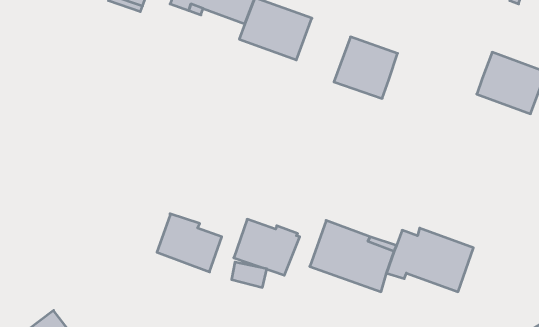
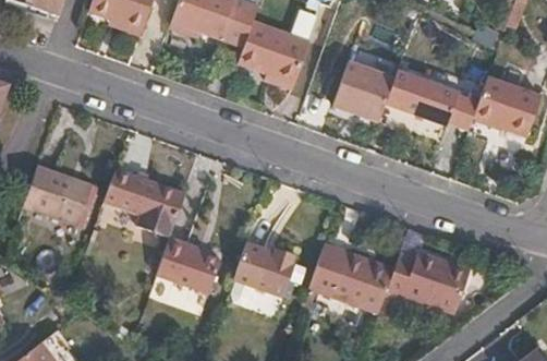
building: none -> [386,70,478,131]
building: none -> [22,165,93,227]
building: none -> [104,169,185,238]

